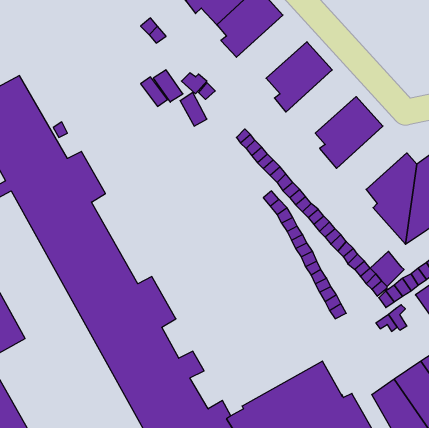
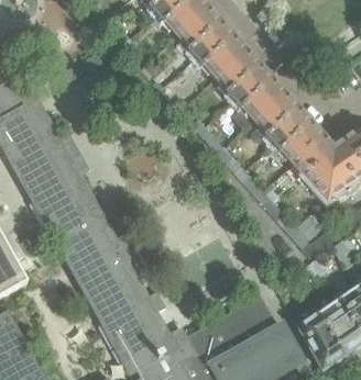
building: none -> [192,27,247,77]
building: none -> [230,70,285,120]
building: none -> [270,114,325,164]

